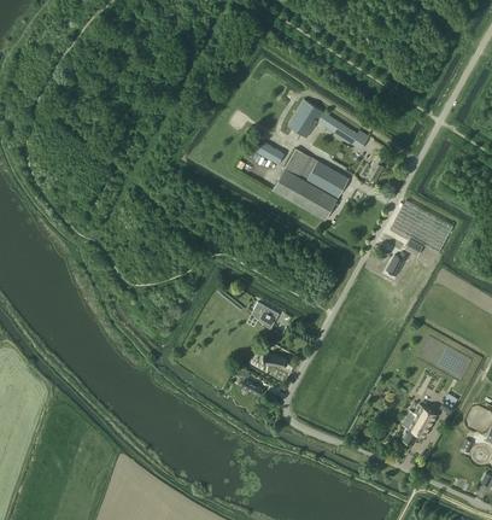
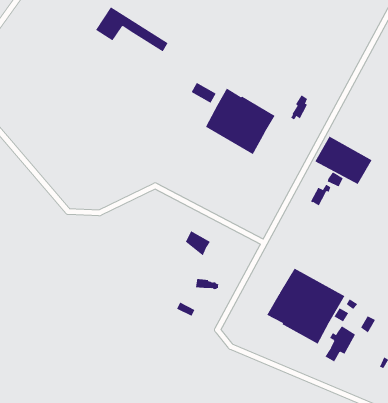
building: [287,99,367,148] -> [95,7,169,52]
building: none -> [267,268,345,344]

